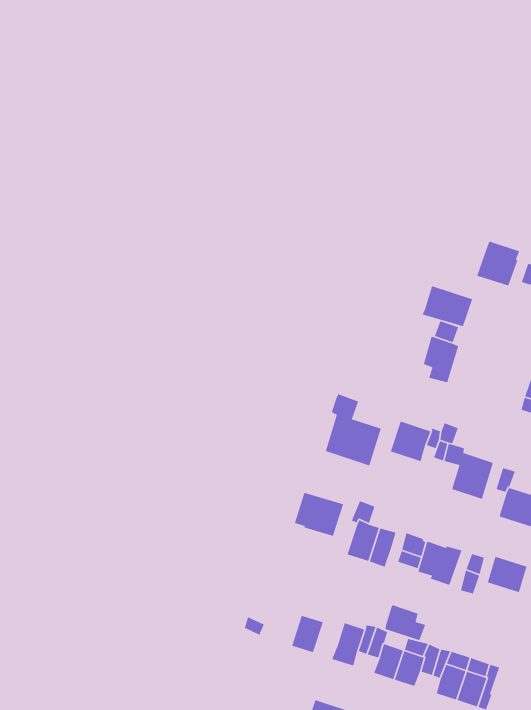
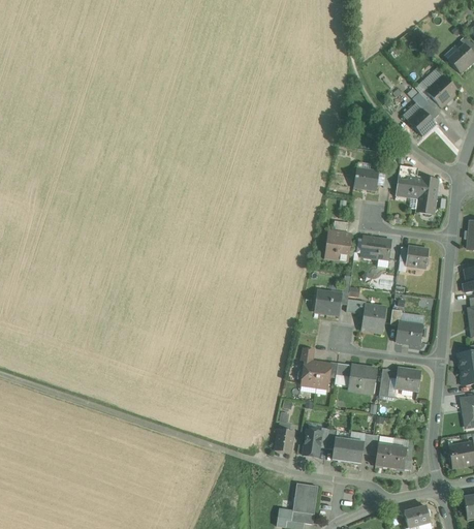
building: [422,285,473,327] -> [359,236,391,259]
building: [325,393,382,466] -> none
building: [294,492,344,537] -> none
building: [385,604,426,641] -> none

